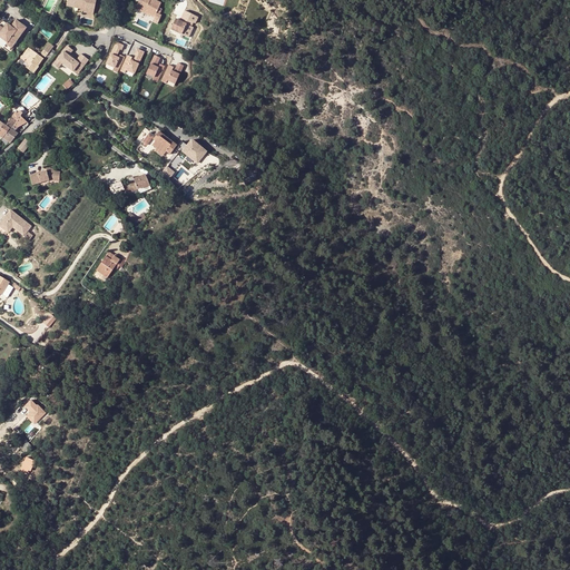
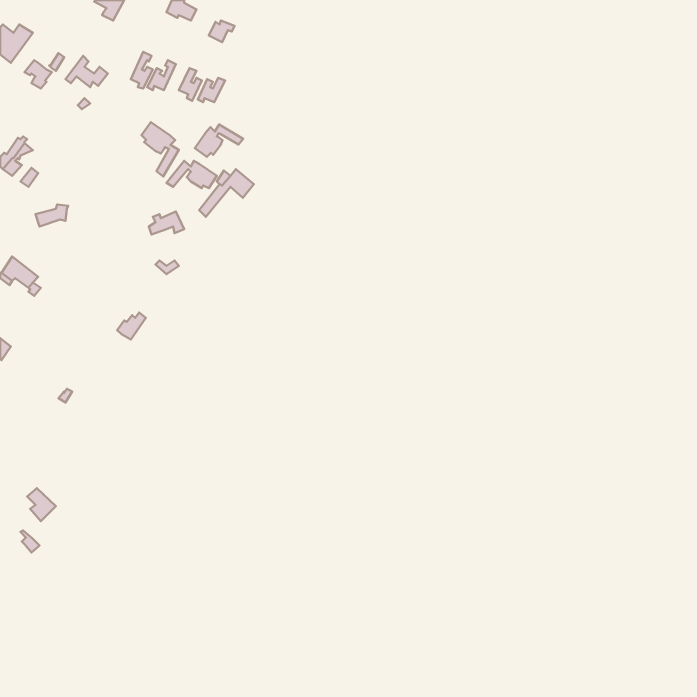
building: none -> [141,122,179,177]
building: none -> [195,124,243,157]

